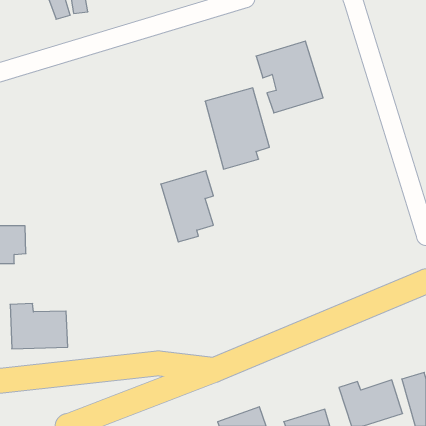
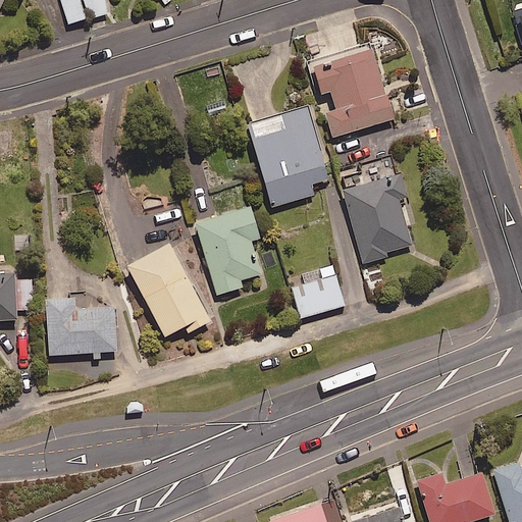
building: none -> [344,176,411,263]
building: none -> [127,245,210,337]
building: none -> [292,264,345,319]
building: [10,304,68,349] -> [46,300,116,355]

